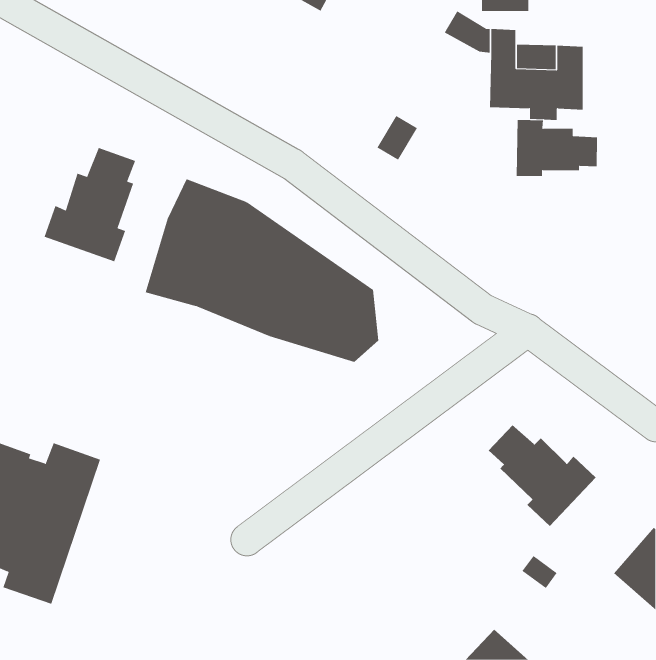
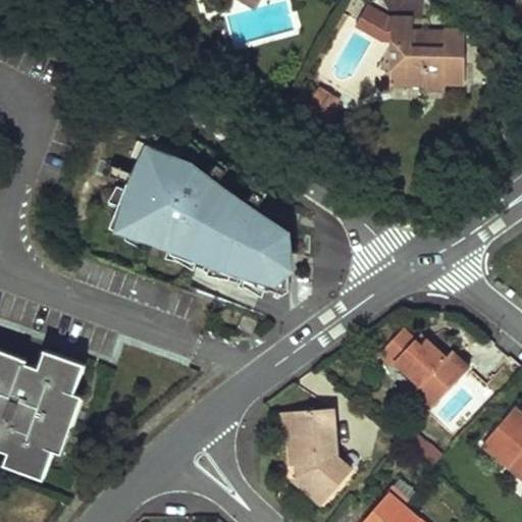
building: [516,119,597,177] -> none
building: [44,147,136,262] -> none
building: none -> [284,409,355,506]

